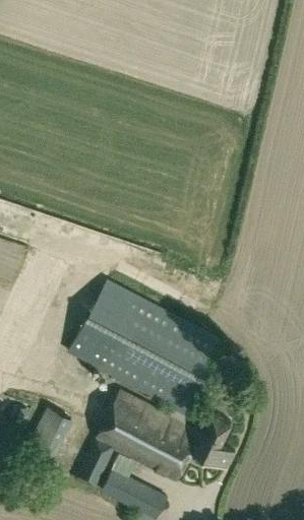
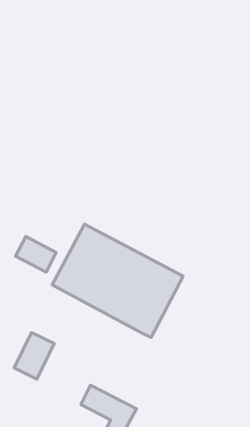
building: none -> [16,236,56,272]
building: [75,393,235,489] -> none

